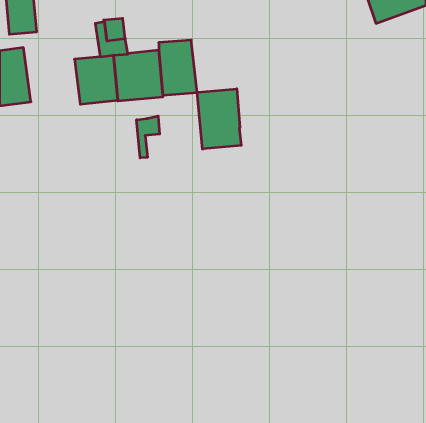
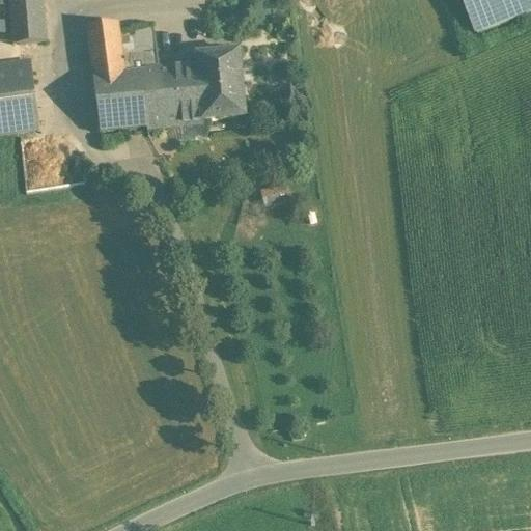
building: none -> [86,20,124,74]
building: [197,89,241,149] -> none
building: [137,116,160,158] -> none

